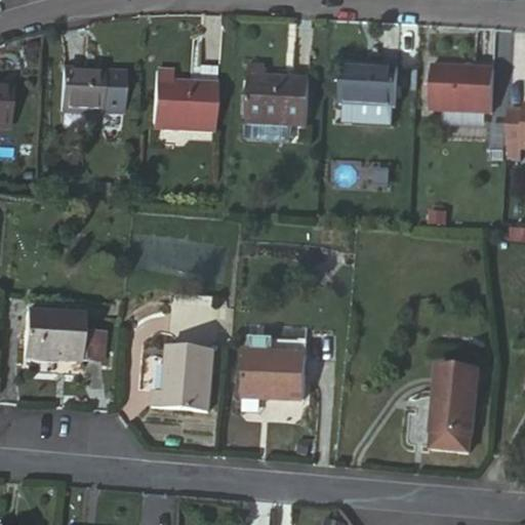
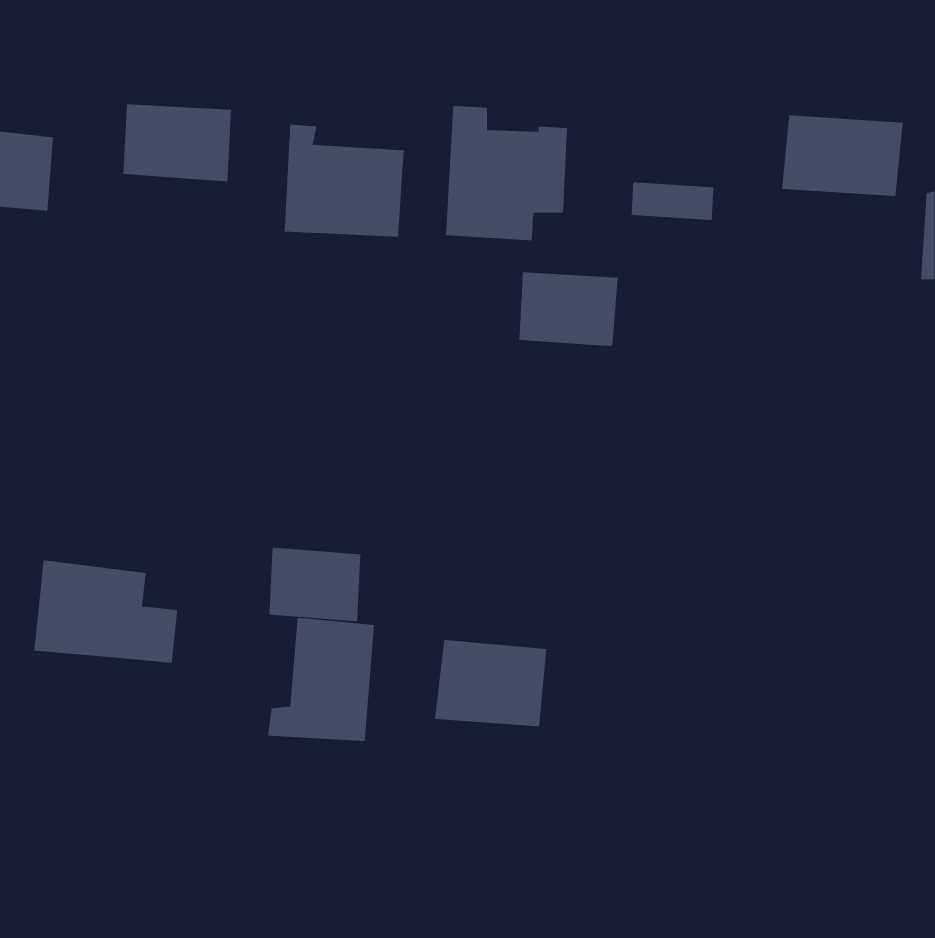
building: [347,63,402,104] -> [518,272,619,346]
building: none -> [269,547,361,622]
building: [423,372,469,450] -> none

